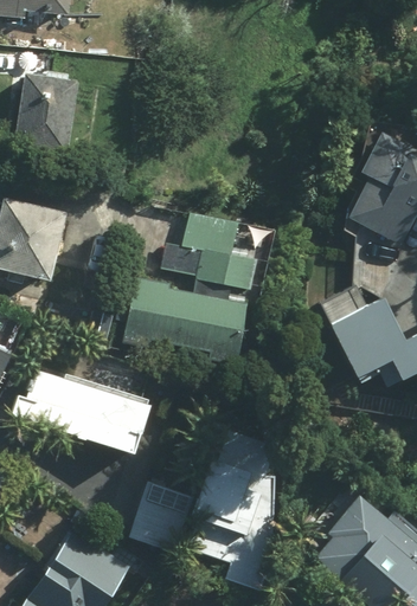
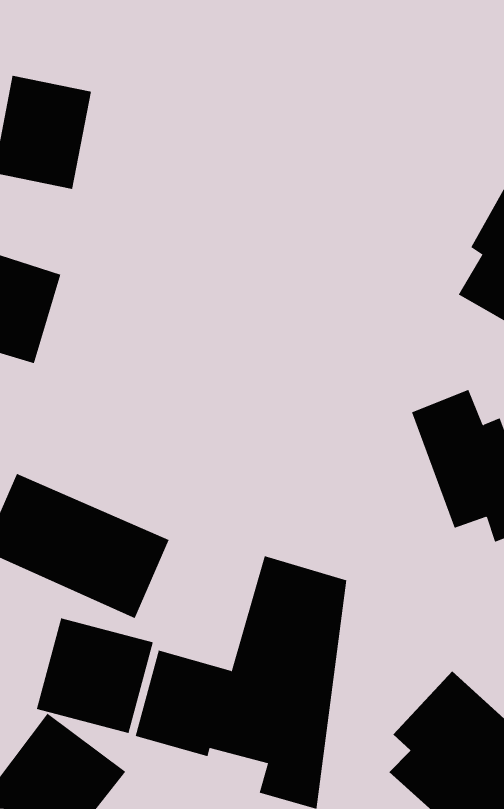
building: [163,212,257,296] -> none
building: [126,279,246,369] -> none
building: none -> [36,618,154,734]

